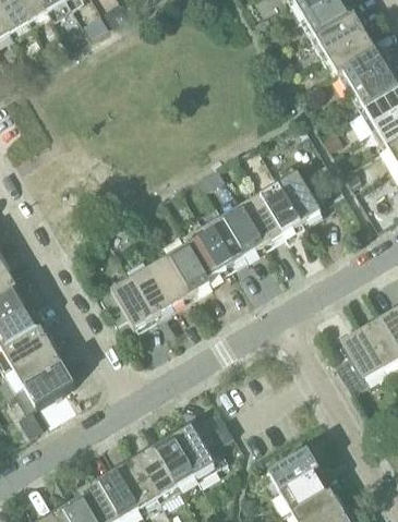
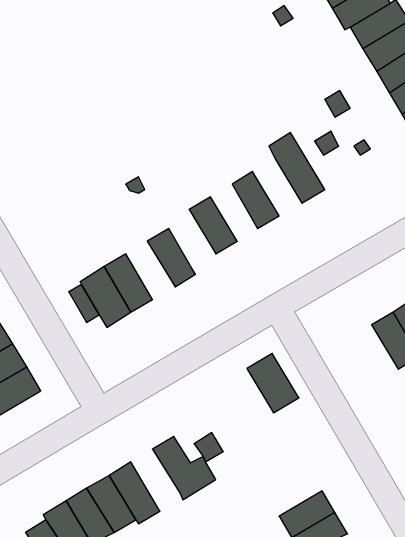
building: [258,184,301,233] -> none
building: [222,206,263,255] -> none
building: [183,228,227,278] -> none
building: [149,255,192,305] -> none
building: [339,327,384,378] -> [247,353,299,413]
building: [154,434,196,484] -> none
building: [269,450,318,491] -> none

